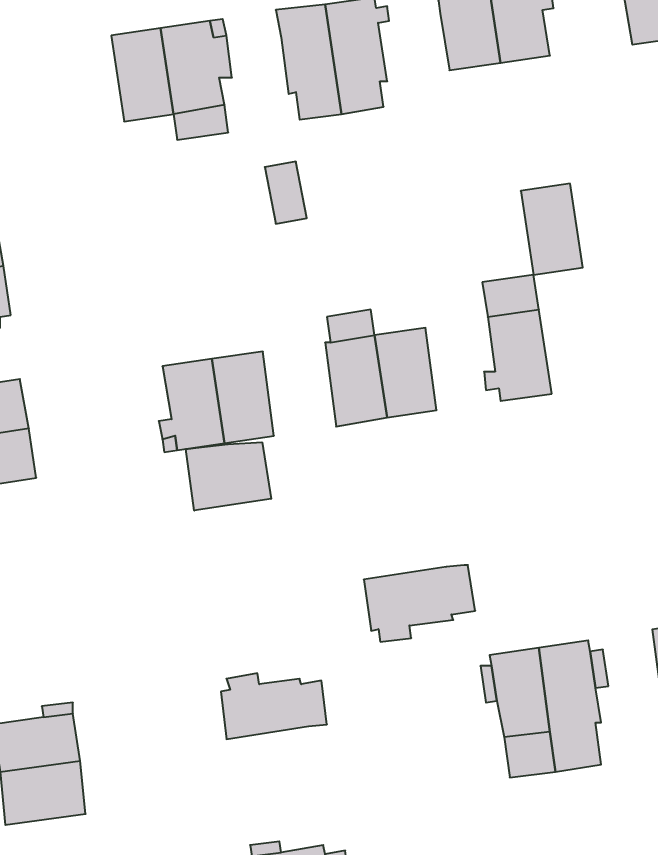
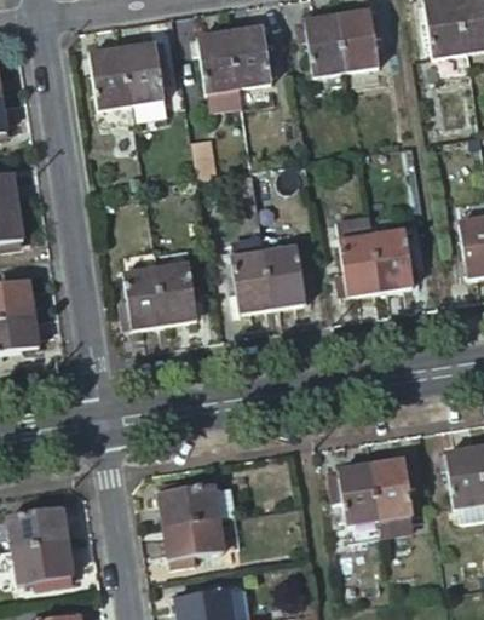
building: [521,184,583,275] -> [371,230,413,291]
building: [186,442,271,511] -> none
building: [364,565,475,642] -> [165,510,238,561]

